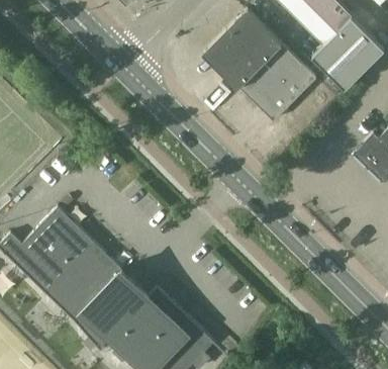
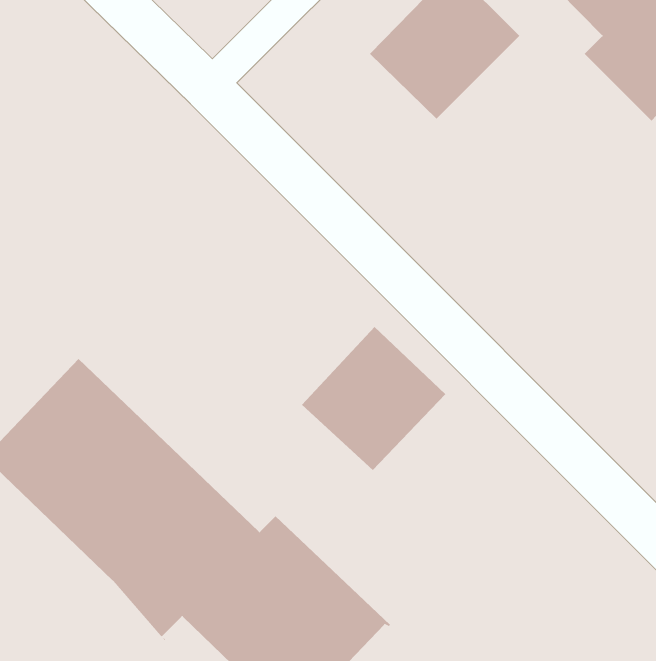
building: [239,43,316,120] -> none
building: none -> [301,326,446,471]

